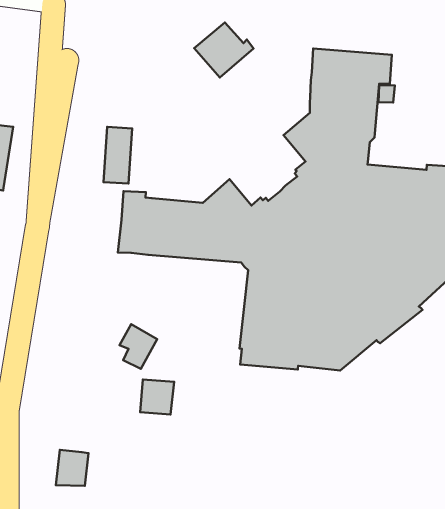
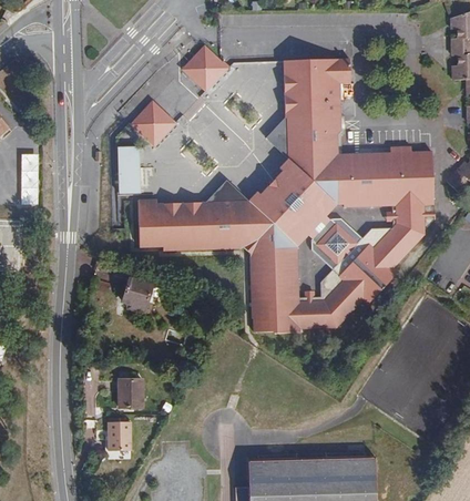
building: none -> [130,101,173,144]
building: [120,324,157,369] -> [121,279,152,316]
building: [140,380,174,414] -> [118,378,144,407]

